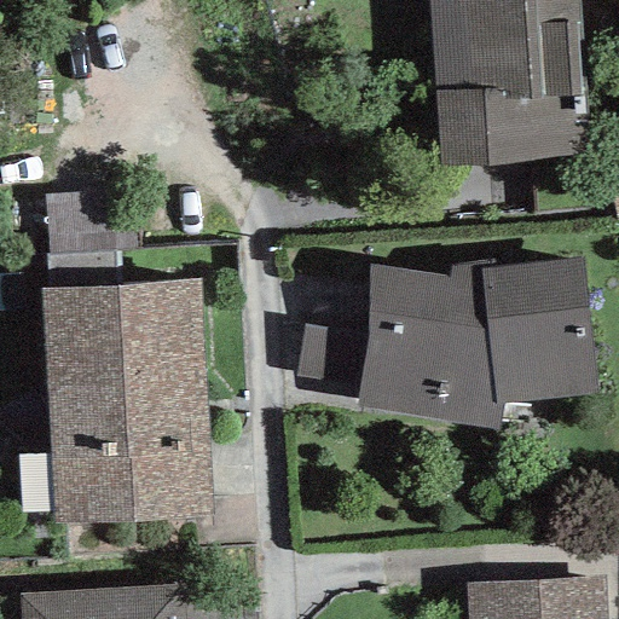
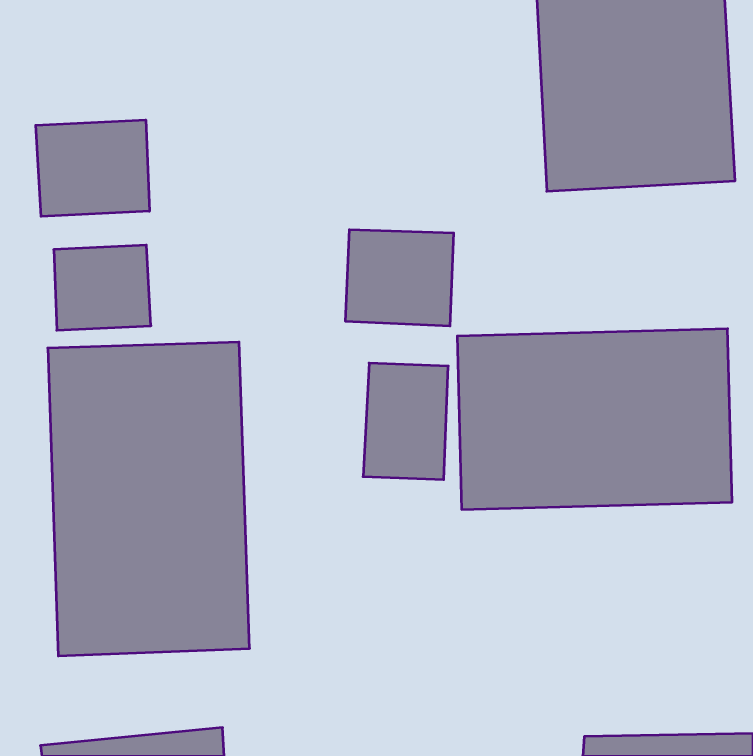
building: none -> [36,120,149,216]
building: none -> [346,230,454,326]

